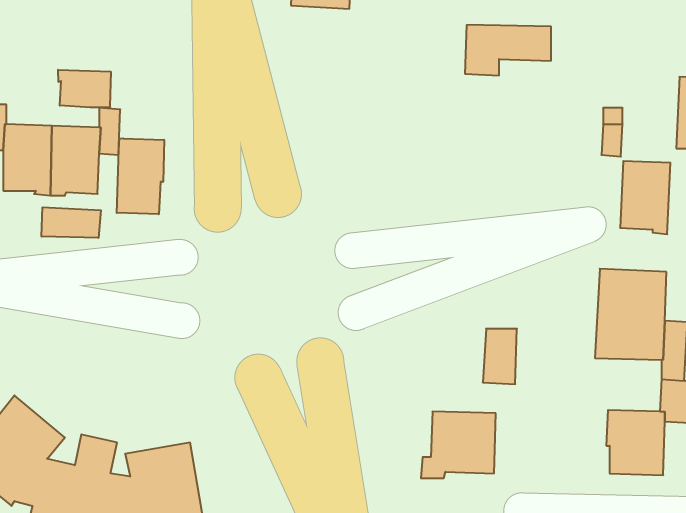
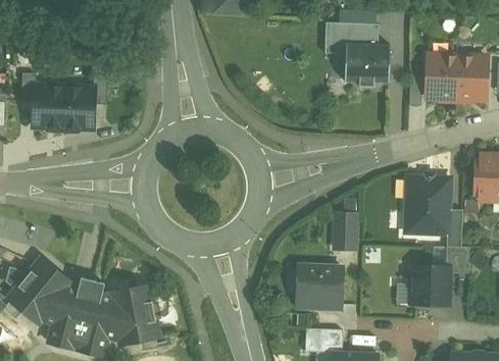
building: none -> [343,44,387,89]
building: [58,70,111,107] -> none
building: [117,138,164,214] -> none
building: [620,161,670,234] -> [426,54,457,100]
building: [42,207,101,238] -> none

